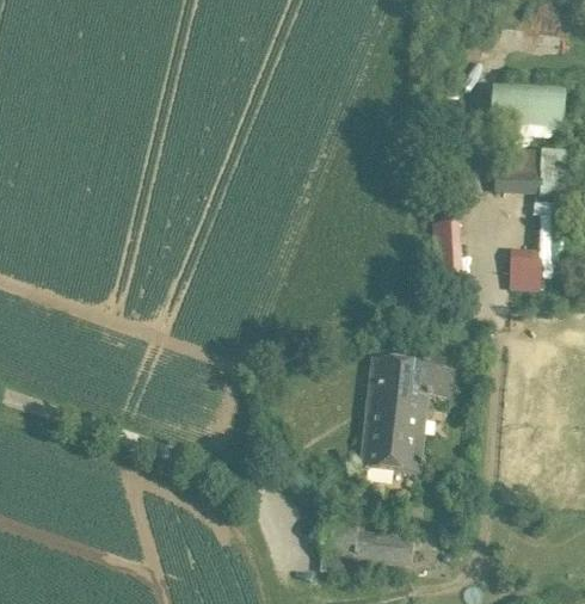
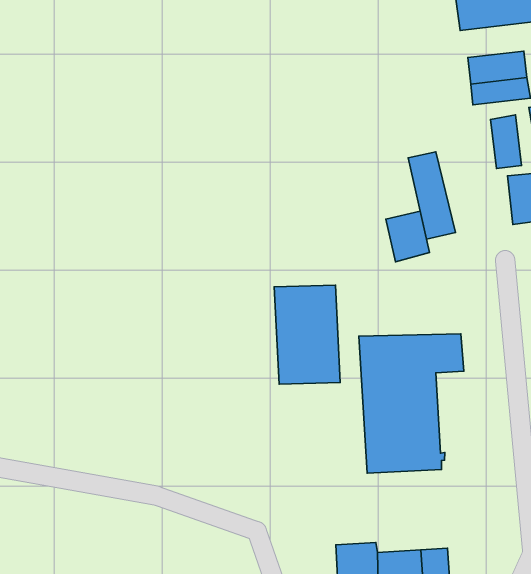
building: none -> [491,115,521,168]
building: none -> [386,211,430,262]
building: none -> [274,285,340,384]

